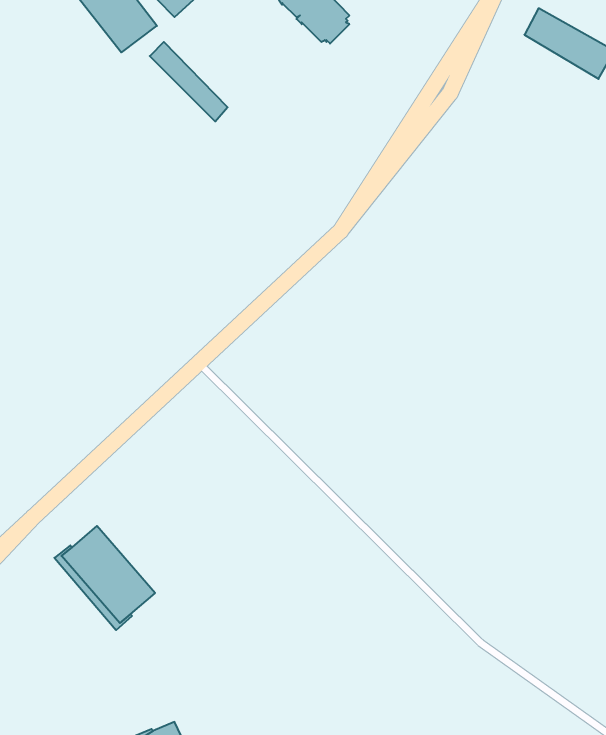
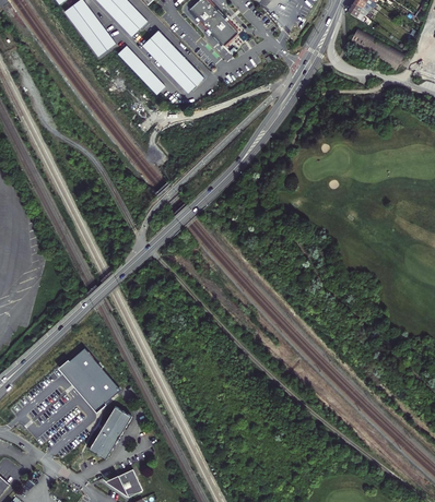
building: none -> [142,28,204,92]
building: none -> [89,406,131,458]

